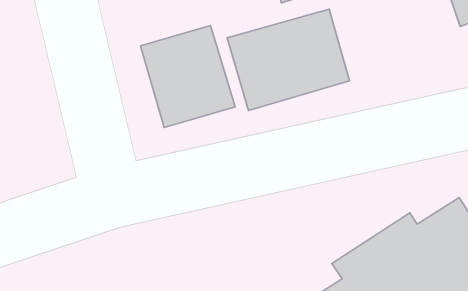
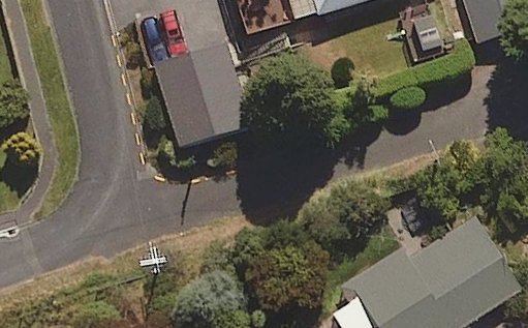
building: [227,9,350,110] -> none

